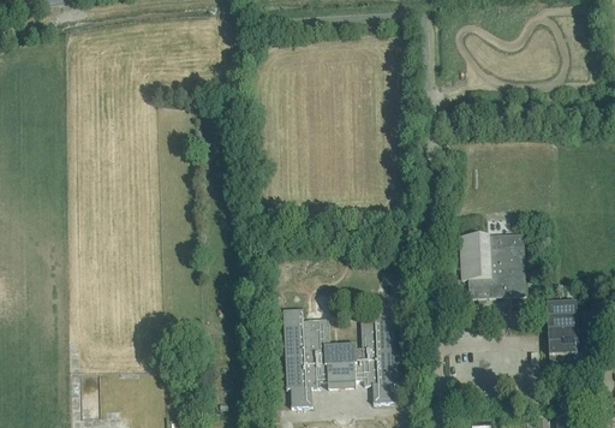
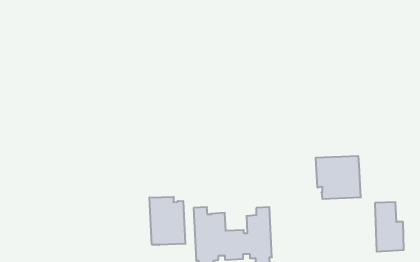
building: none -> [150,197,185,245]

